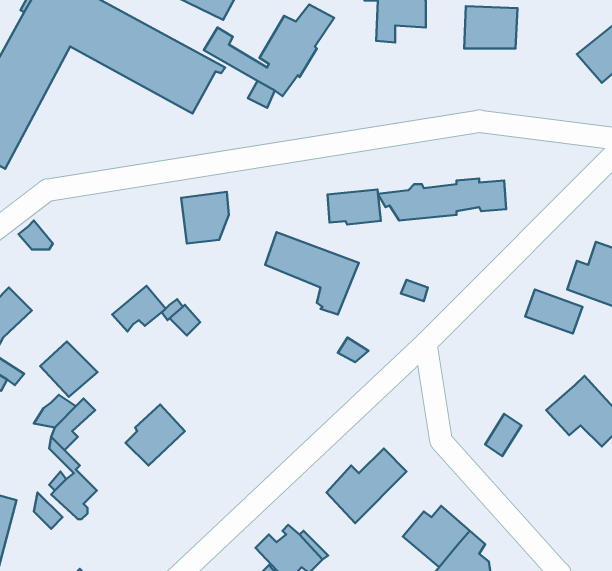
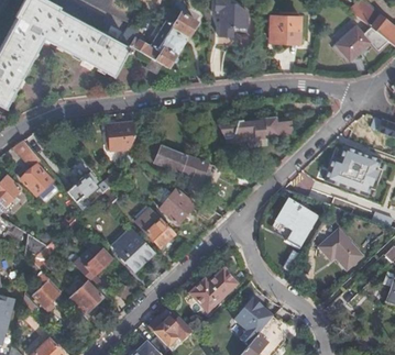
building: [328,189,381,225] -> none
building: none -> [158,189,194,222]
building: none -> [274,200,317,248]
building: none -> [135,207,174,245]
building: [40,341,97,397] -> [21,165,54,197]
building: none -> [112,226,154,269]
building: none -> [67,280,101,318]

